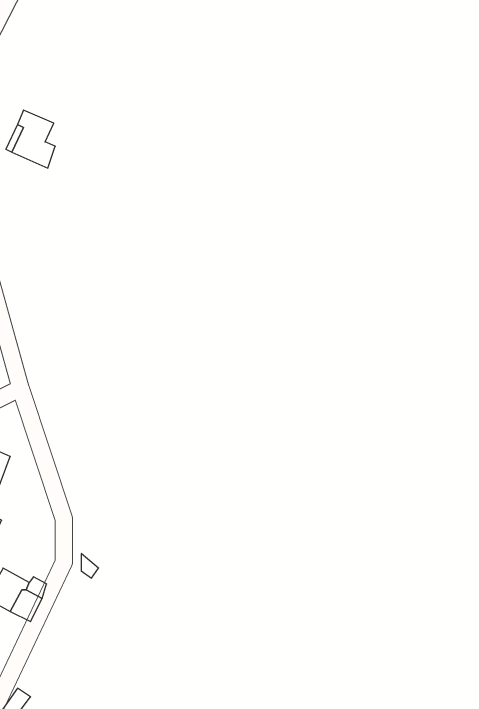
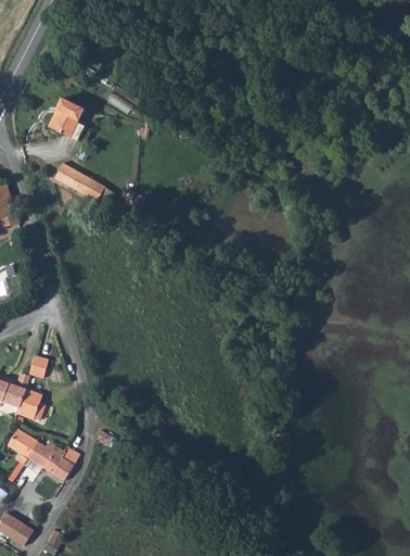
building: none -> [54,162,104,201]

